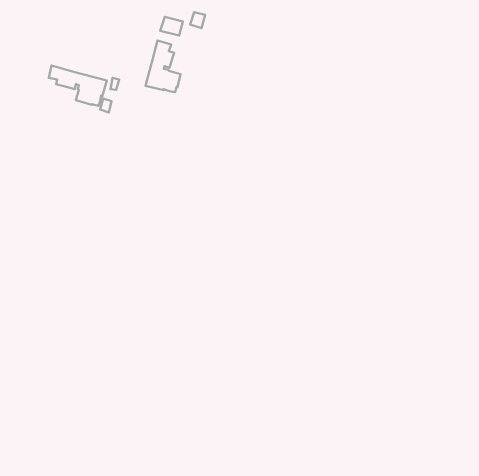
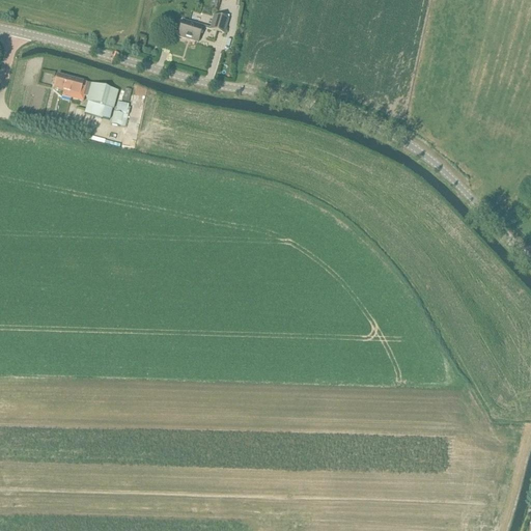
building: [146,40,180,92] -> none

